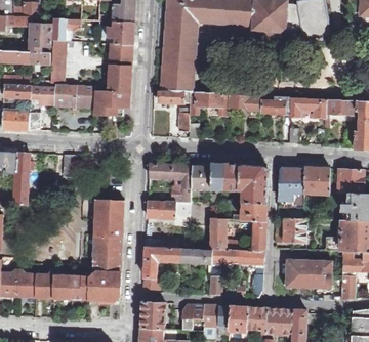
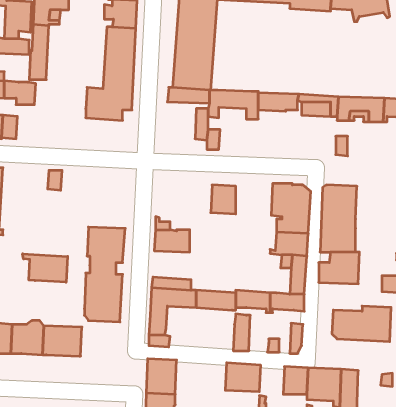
building: [53,84,95,106] -> none
building: [210,163,239,189] -> none
building: [149,164,192,202] -> none
building: [303,167,330,194] -> none
building: [210,217,242,250] -> none
building: none -> [23,254,68,282]
building: [89,271,120,301] -> none
building: [181,303,203,331] -> none
building: [229,306,248,334] -> none

